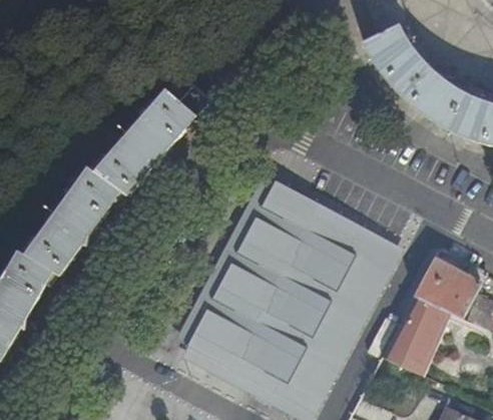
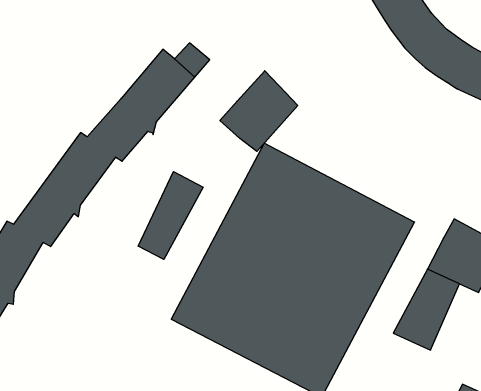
building: none -> [220,71,298,151]
building: none -> [138,172,203,259]

